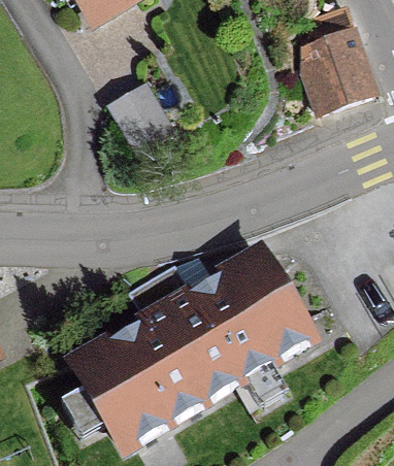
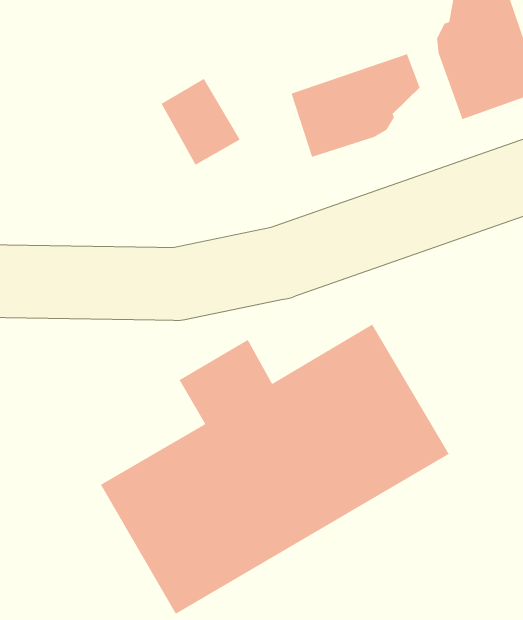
building: none -> [291,53,421,158]

